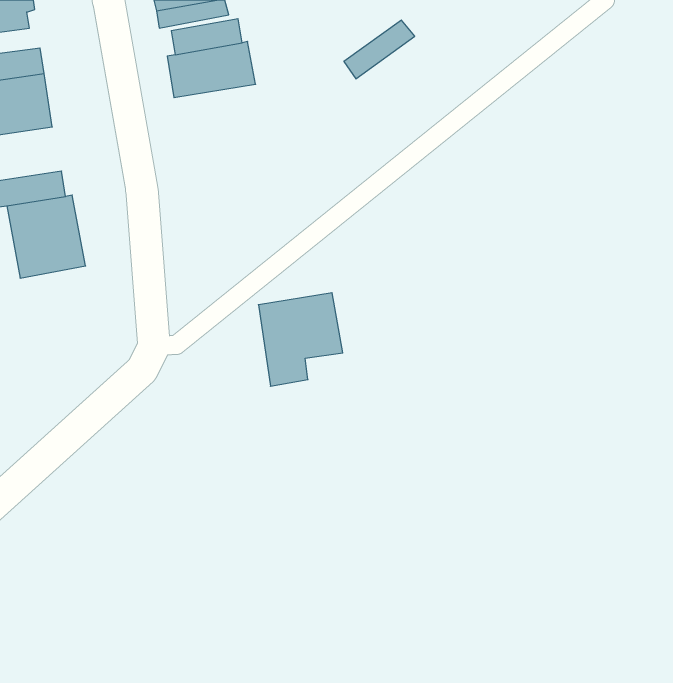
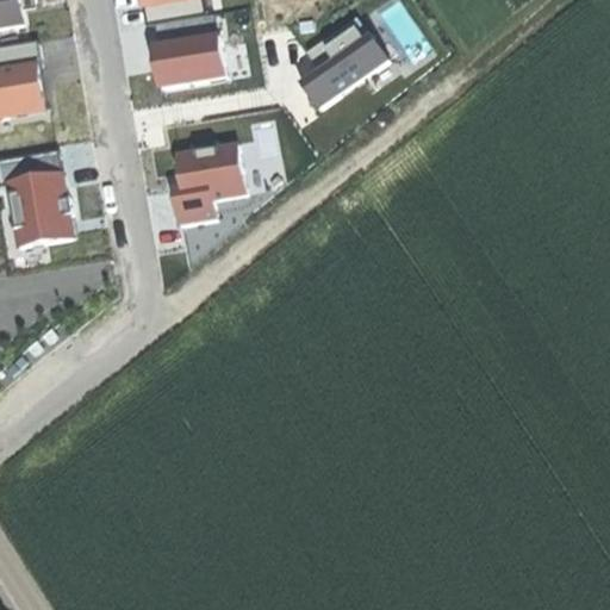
building: none -> [298,32,388,112]
building: [258,293,343,386] -> [166,142,241,225]

